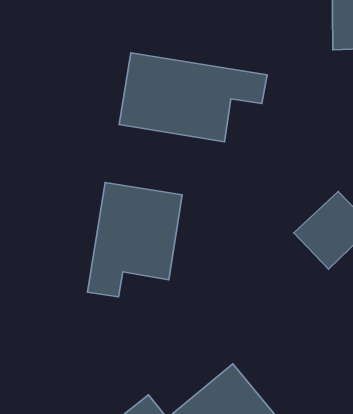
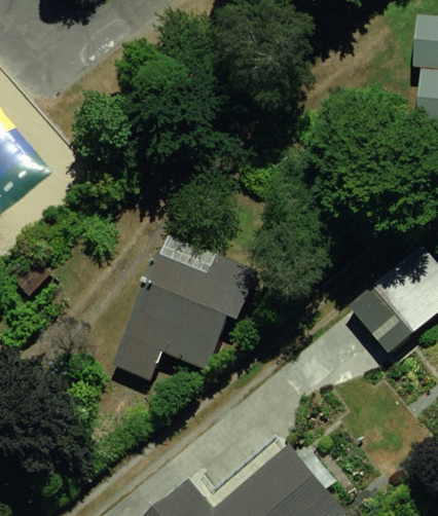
building: [119,53,267,142] -> none

